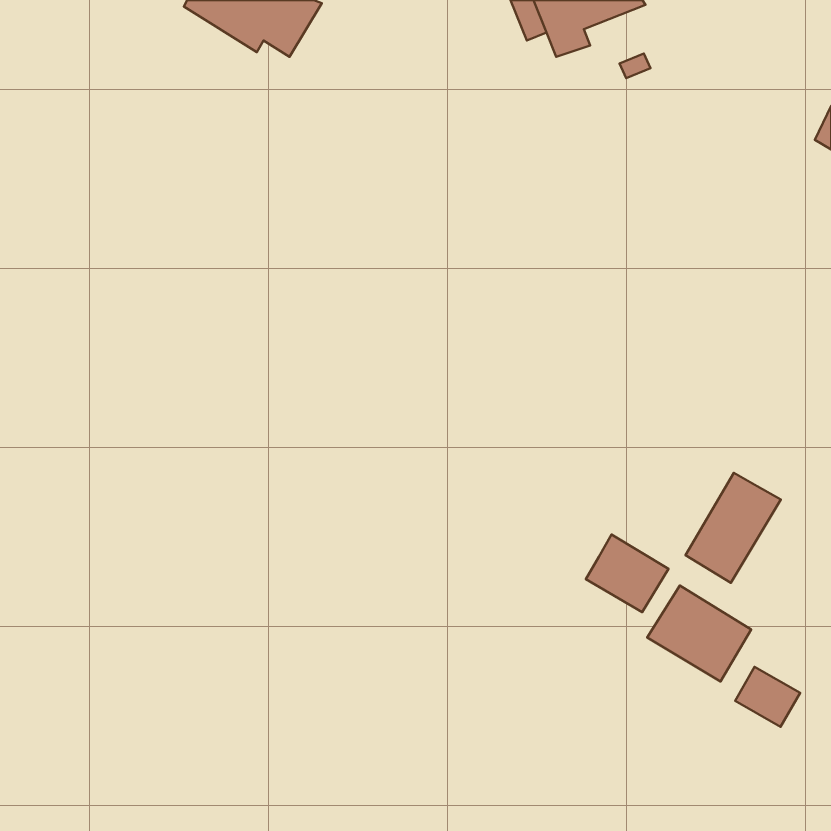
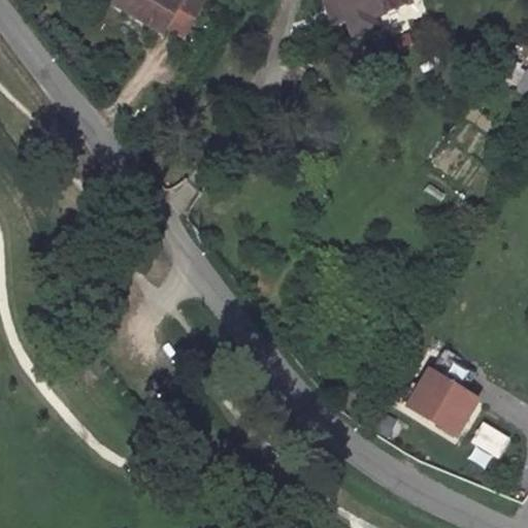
building: [685,473,781,583] -> none
building: [586,535,669,612] -> none

